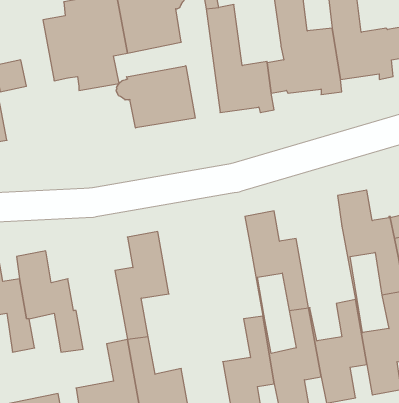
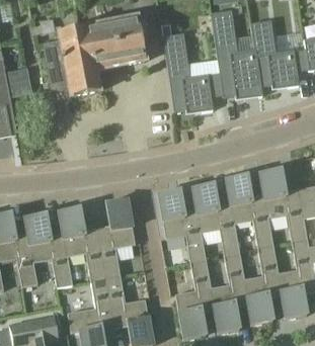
building: [116,66,195,128] -> none
building: none -> [225,174,272,254]
building: none -> [158,189,205,262]
building: none -> [58,206,105,280]

